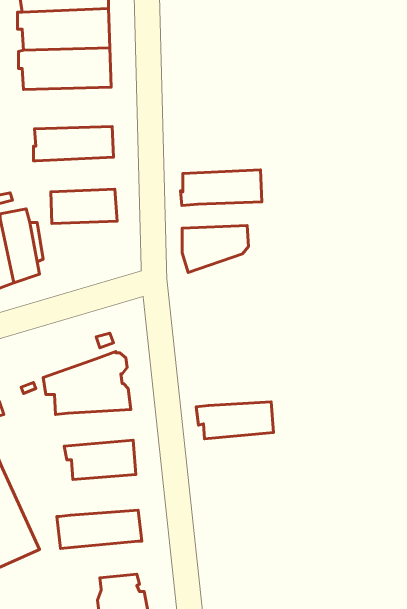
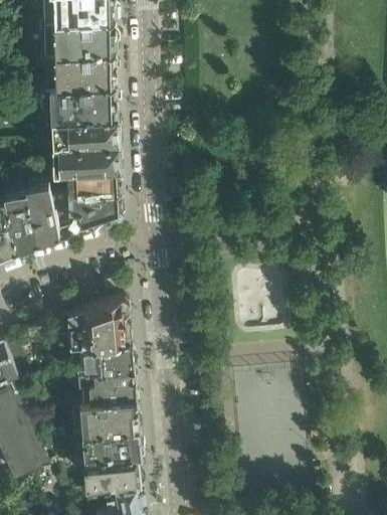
building: none -> [41,84,117,119]
building: [180,170,262,205] -> [52,142,119,171]
building: [182,226,249,272] -> [67,194,122,232]
building: [196,402,274,439] -> [70,348,134,378]
building: none -> [70,401,138,436]
building: none -> [85,456,143,487]

